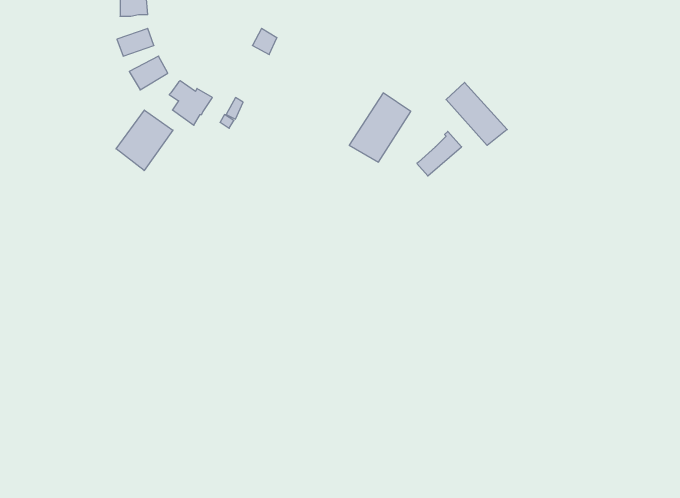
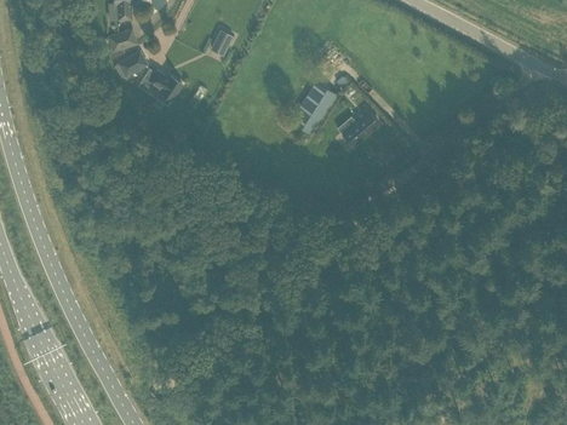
building: [446,82,507,145] -> none
building: [116,110,173,171] -> none

